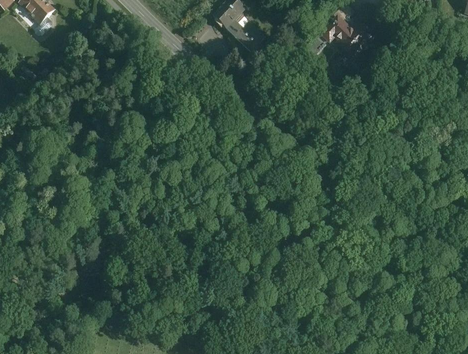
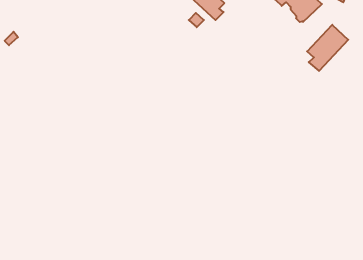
building: none -> [307,25,348,71]

